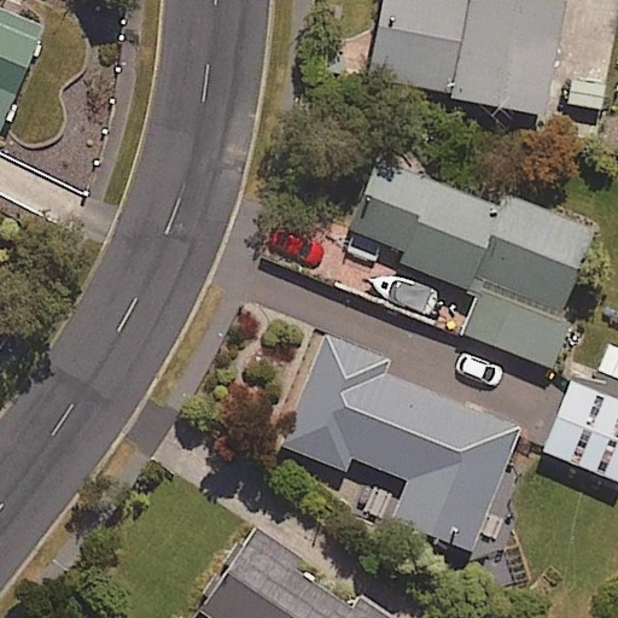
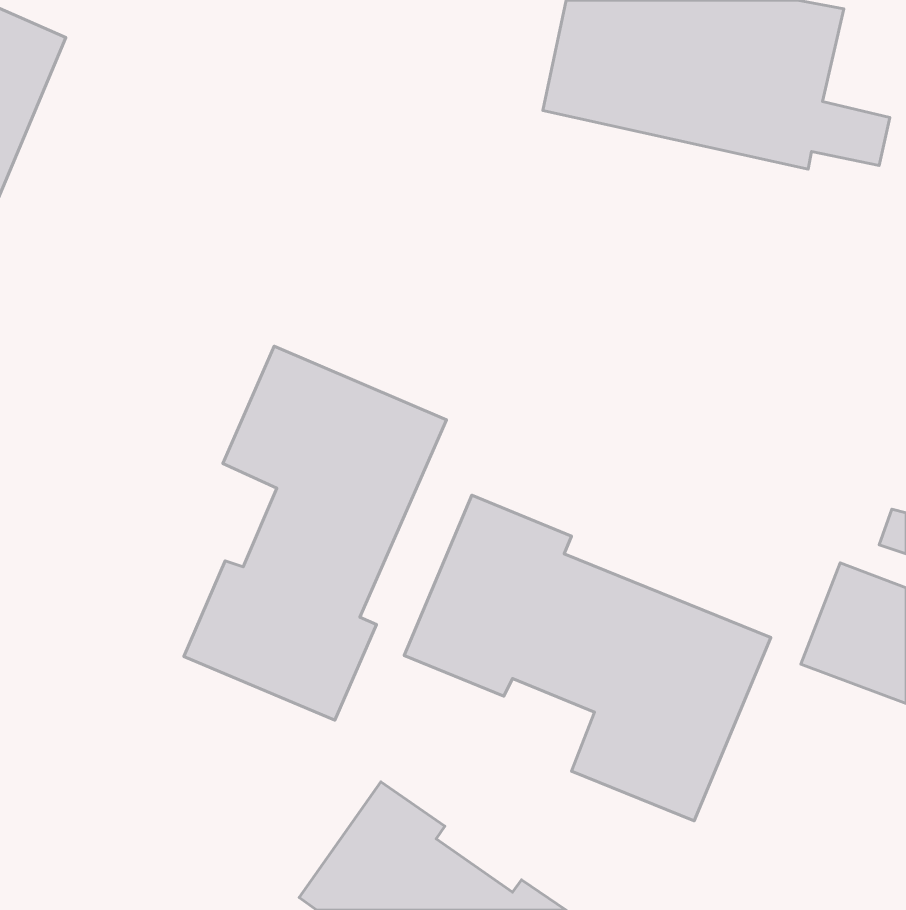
building: [346,157,600,369] -> none
building: none -> [184,346,446,720]

